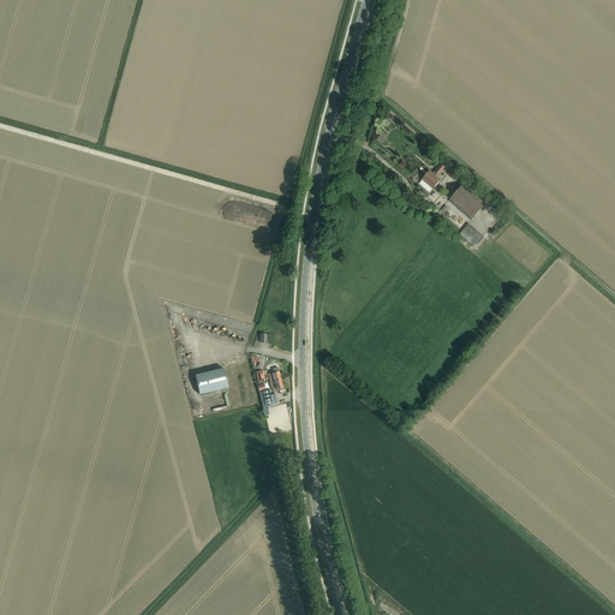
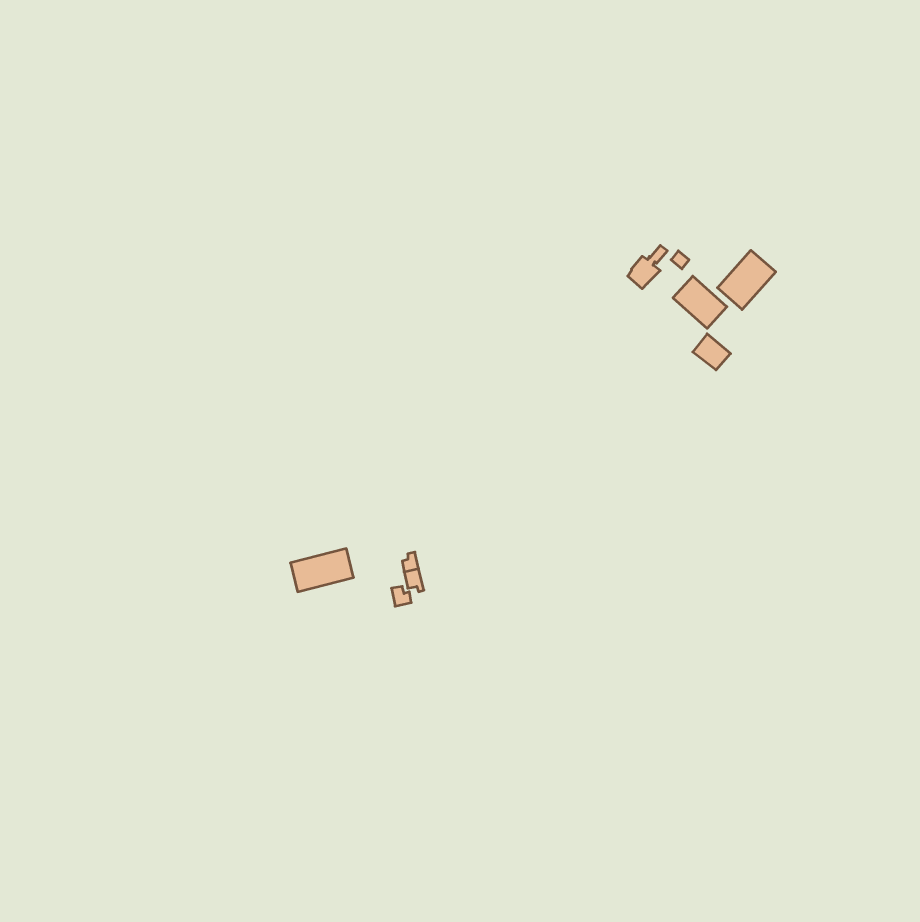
building: none -> [717,250,776,310]

